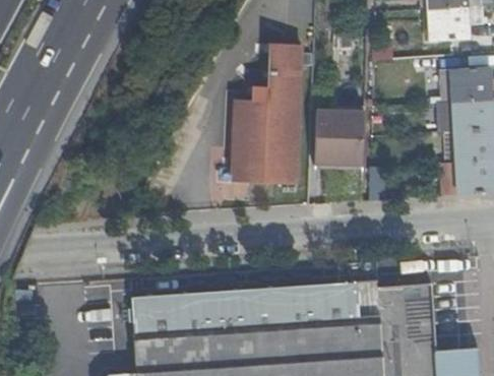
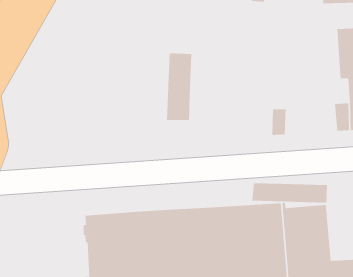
building: [262,43,303,182] -> none
building: [317,108,365,164] -> none
building: none -> [252,182,327,203]

